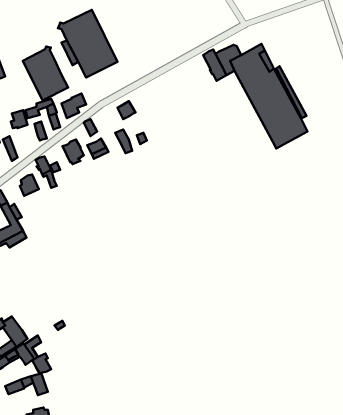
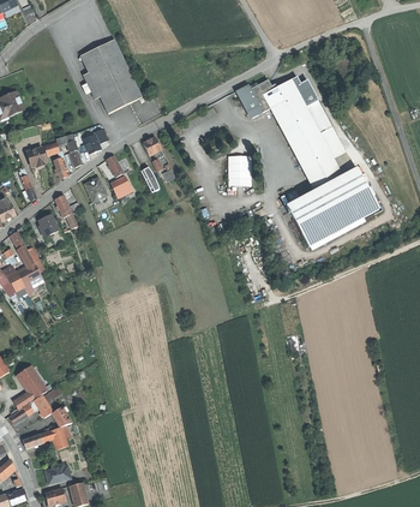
building: [23,46,68,100] -> none
building: none -> [229,155,253,185]
building: none -> [284,165,378,244]

